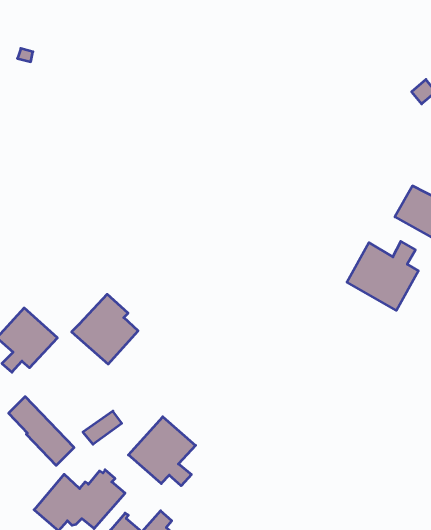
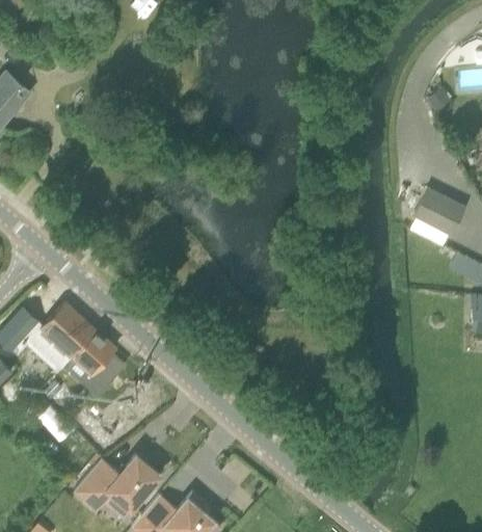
building: [347,241,418,310] -> none
building: [72,294,138,364] -> [63,330,126,396]
building: [128,417,196,486] -> none

